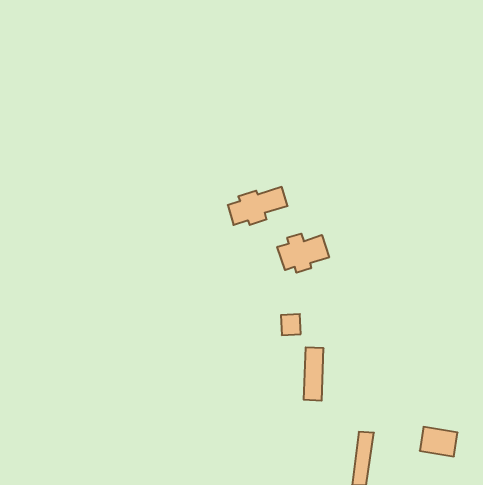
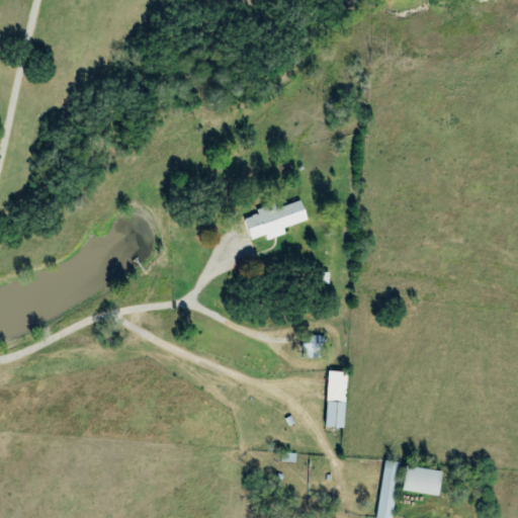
building: [277,234,329,273] -> none
building: [420,427,458,456] -> [403,464,443,496]

